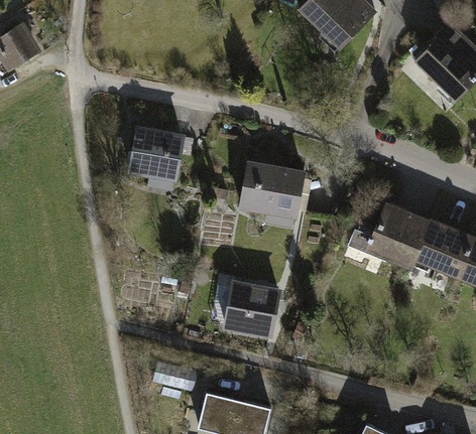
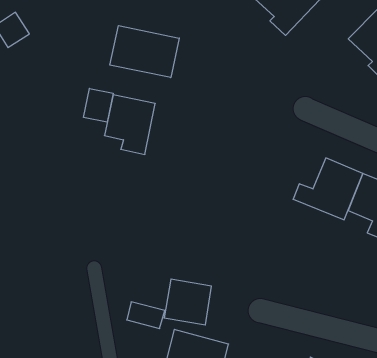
building: none -> [110,26,179,78]
building: none -> [84,88,113,122]
building: [238,157,315,232] -> none
building: [225,283,280,336] -> [164,279,211,325]

